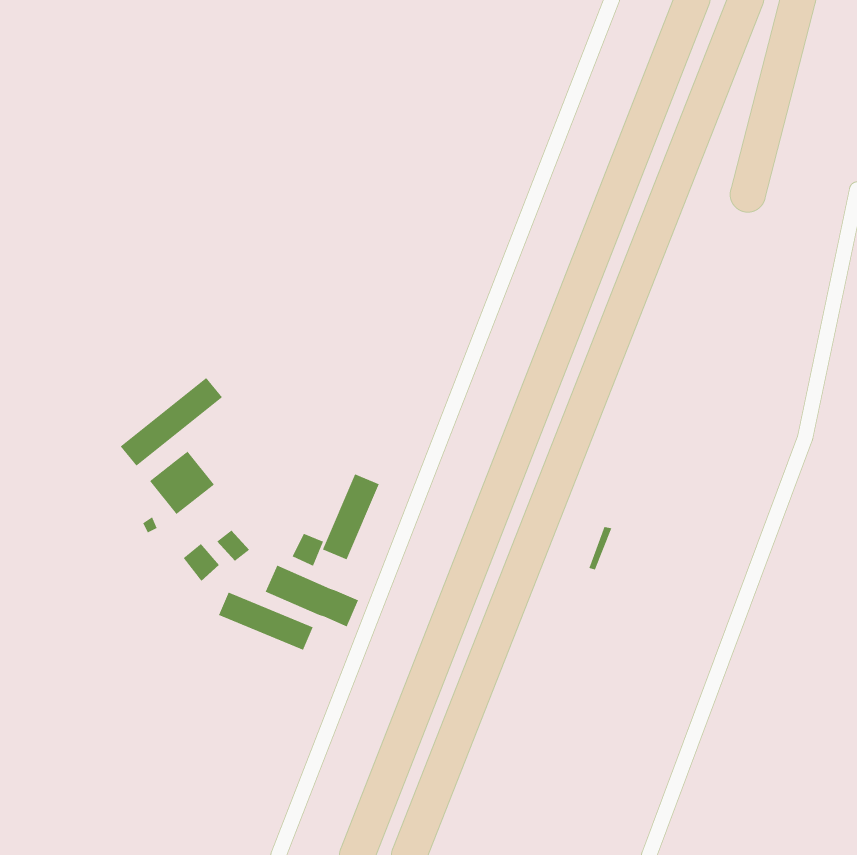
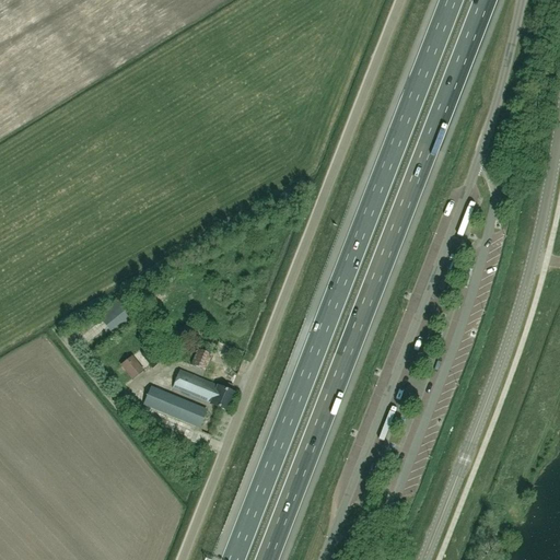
building: [120,377,223,466] -> none
building: [322,474,380,560] -> none

